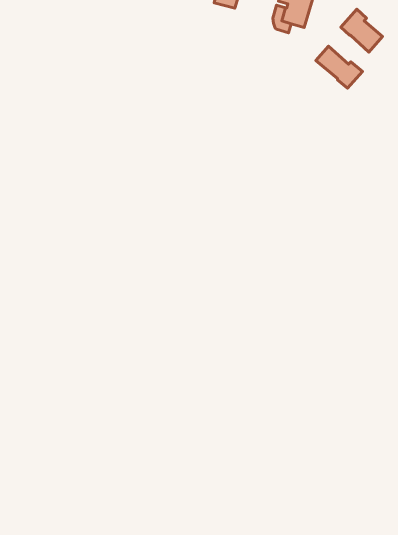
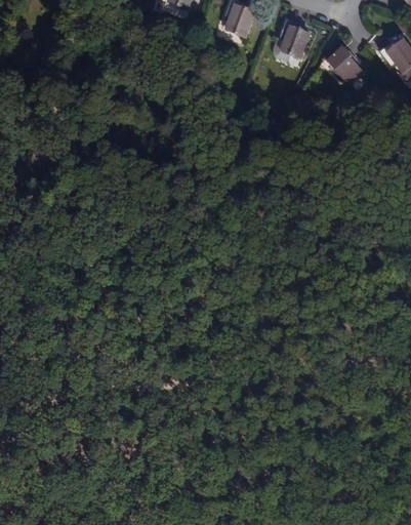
building: [316,46,362,88] -> none

